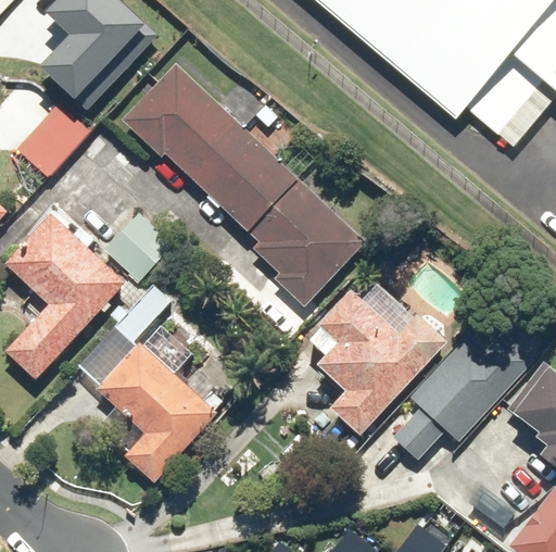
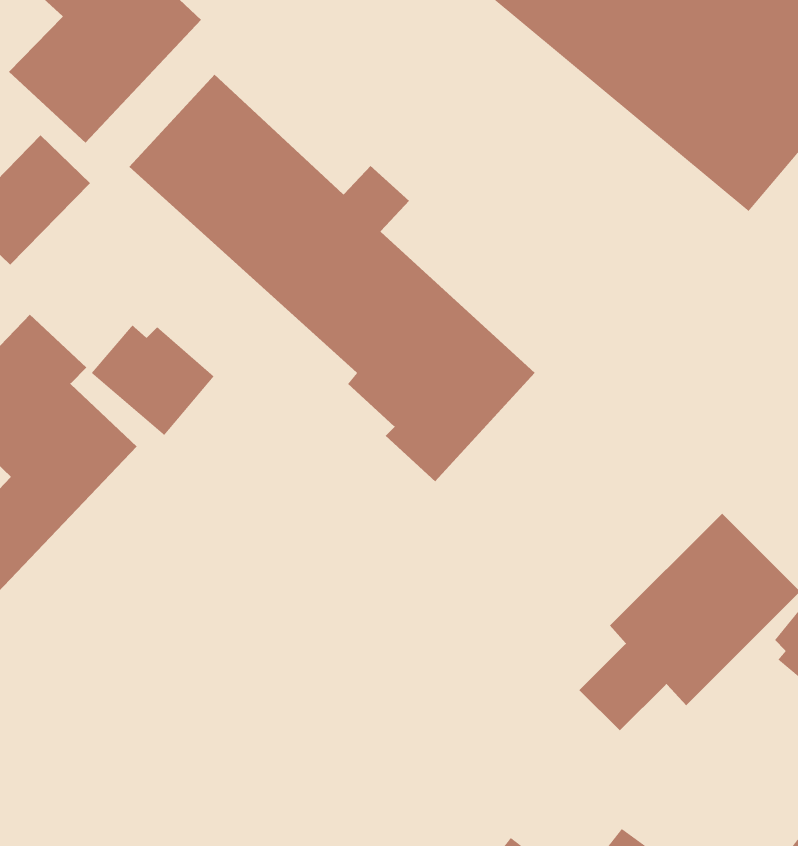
building: [78,283,223,485] -> none
building: [316,289,446,435] -> none

